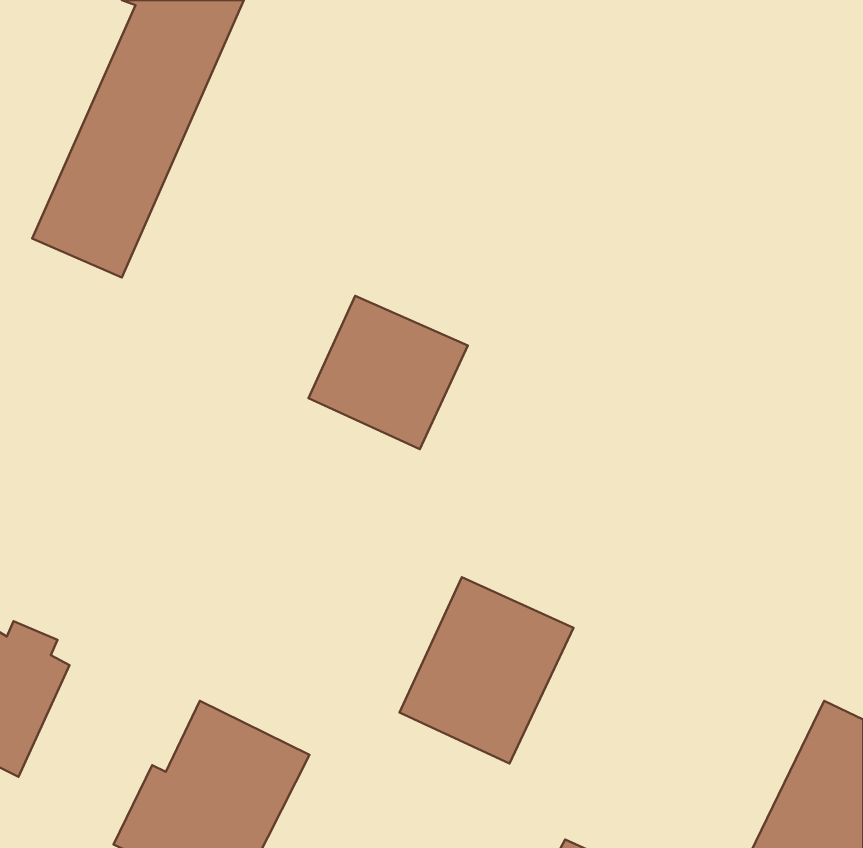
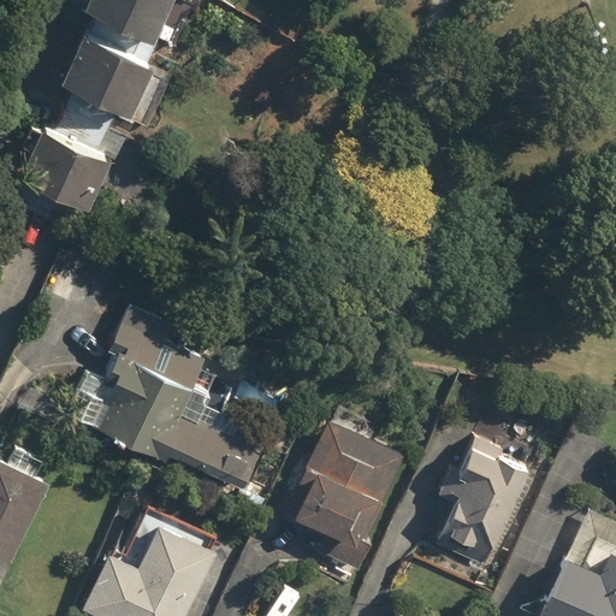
building: [308,296,468,449] -> none
building: none -> [70,306,263,491]
building: none -> [427,437,531,571]

